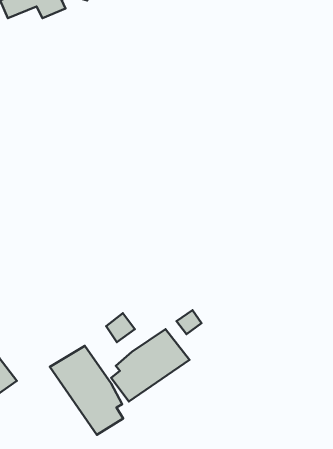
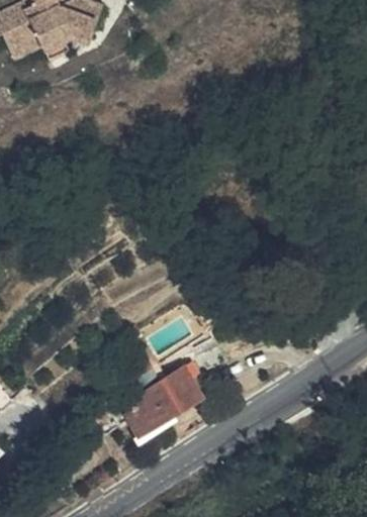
building: [50,346,123,435] -> none

